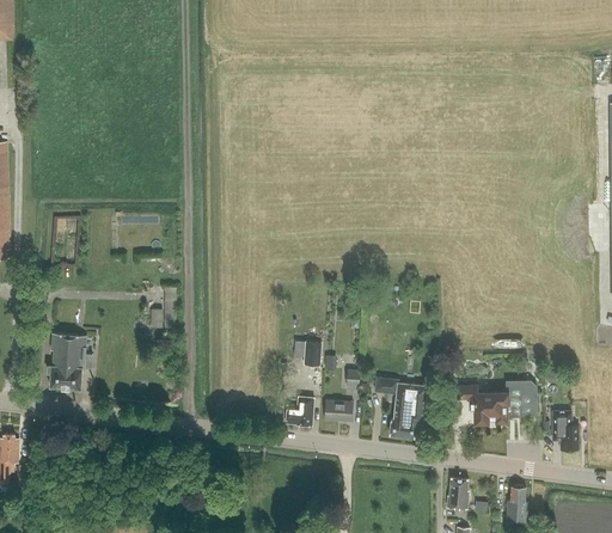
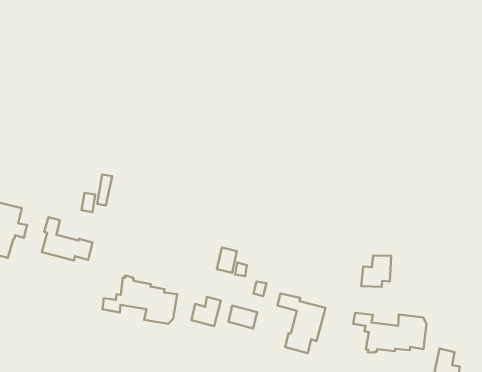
building: none -> [361,255,391,287]
building: none -> [42,217,93,260]
building: none -> [102,276,177,324]

